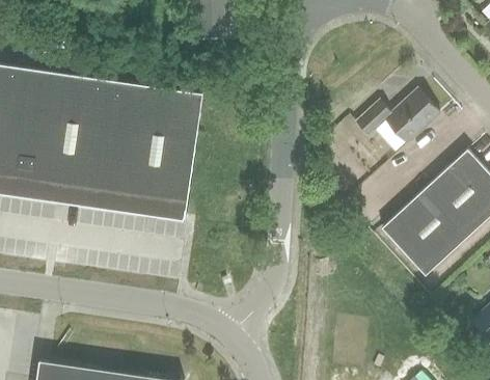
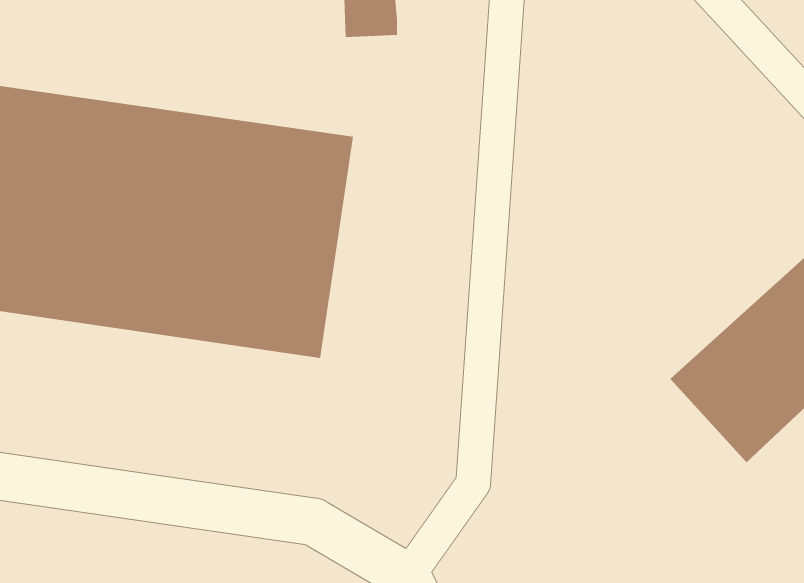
building: [356,90,439,145] -> none

